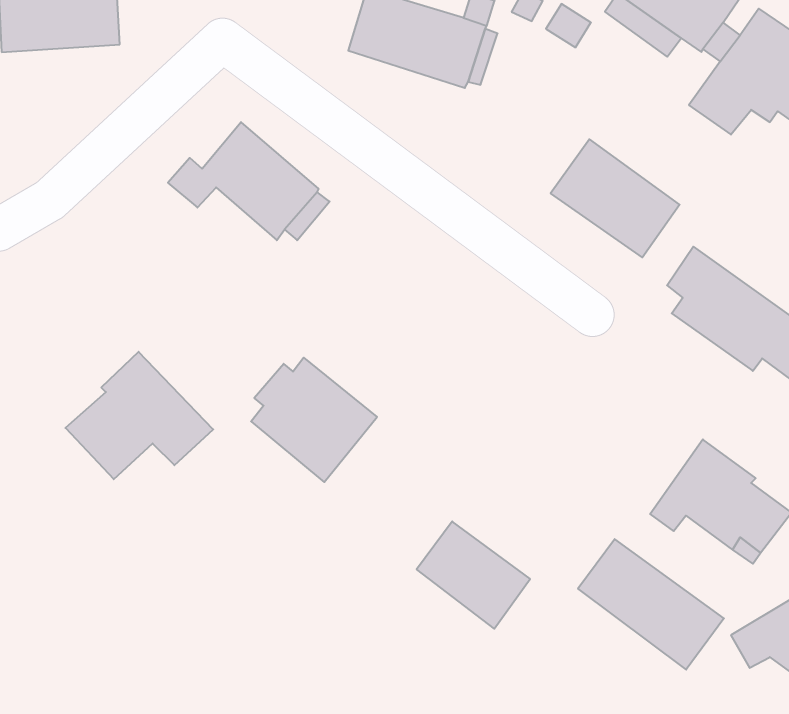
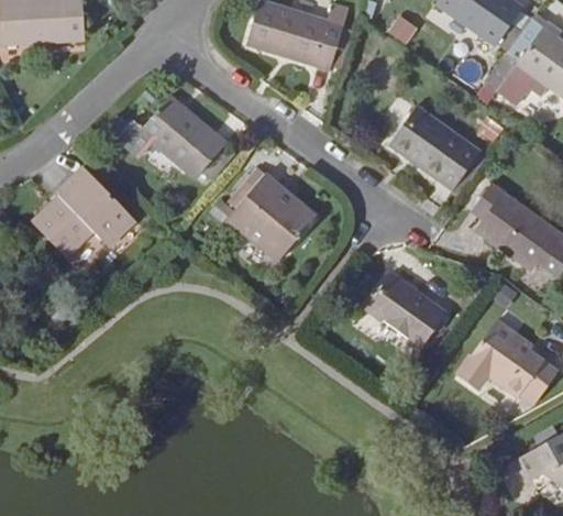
building: [65,352,213,479] -> [32,166,136,256]
building: [251,358,377,482] -> [228,173,317,261]
building: [417,521,530,629] -> [366,273,446,349]
building: [578,539,724,670] -> none

